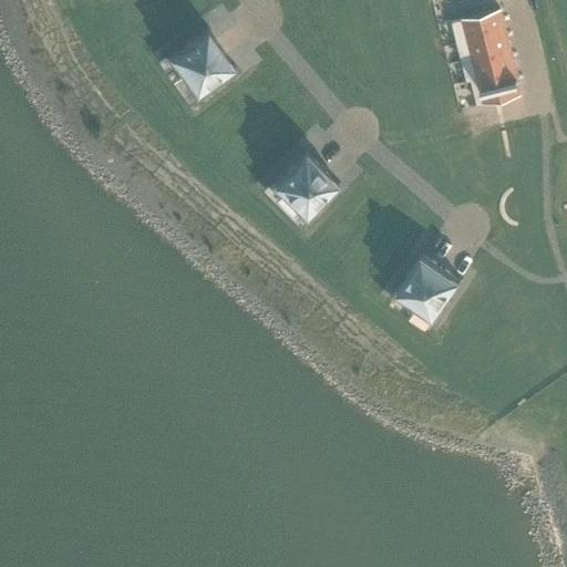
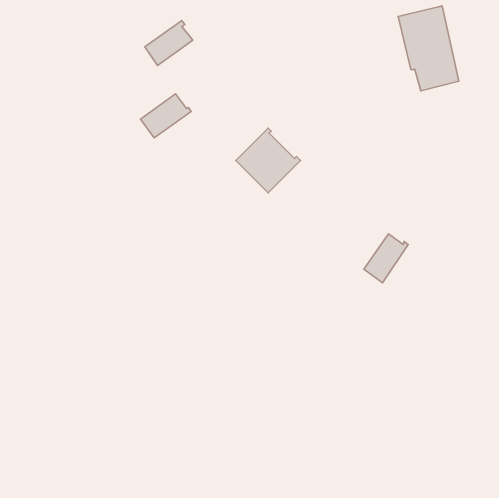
building: [178,45,236,95] -> [140,94,191,138]
building: [390,248,440,305] -> none

